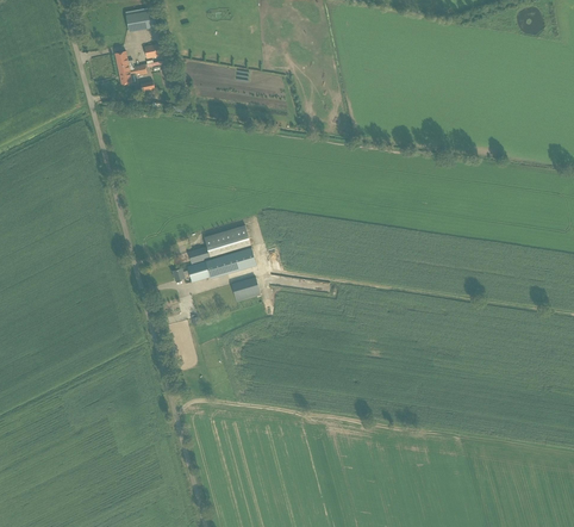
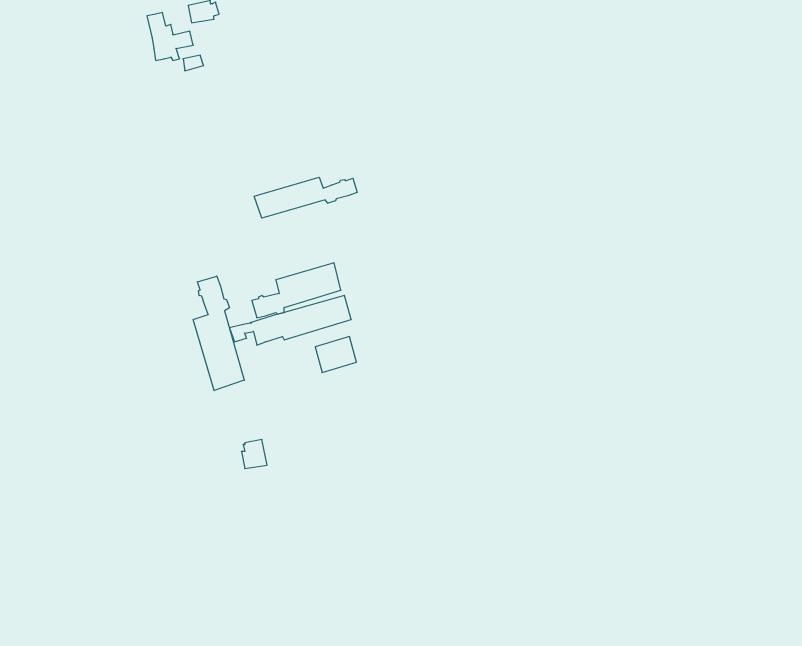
building: none -> [254,177,357,218]
building: none -> [193,276,244,391]

